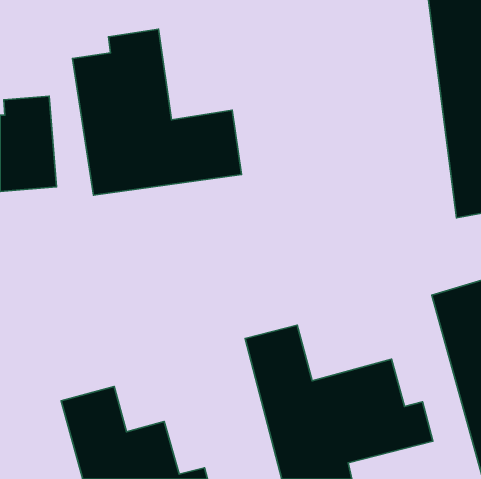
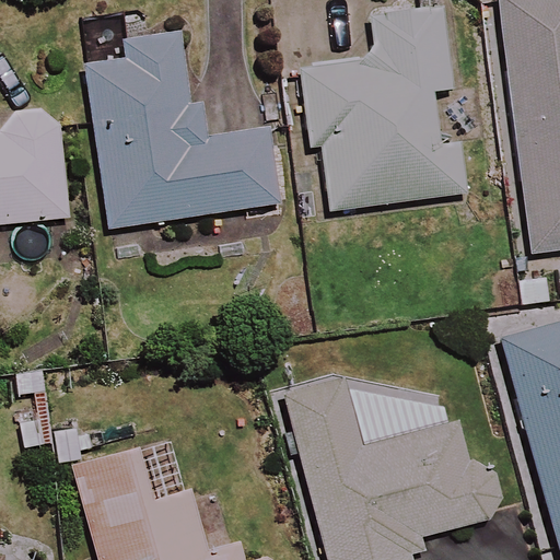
building: none -> [300,8,466,209]

